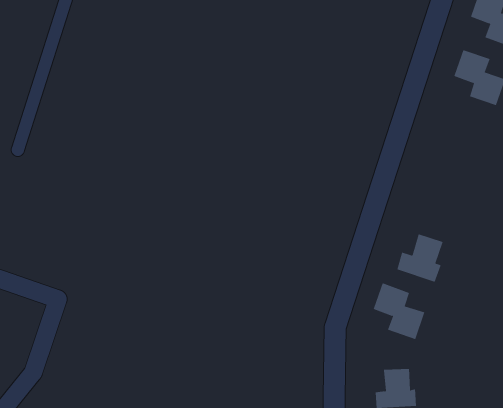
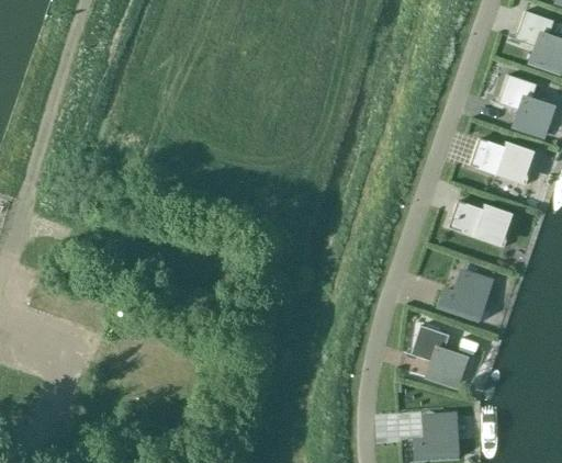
building: none -> [471,138,537,184]
building: none -> [449,201,515,247]

